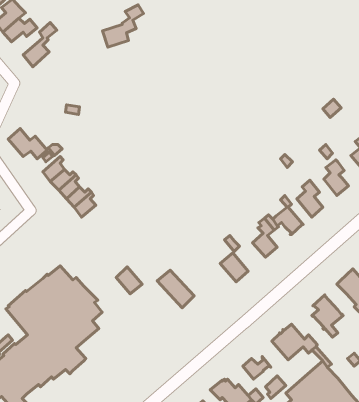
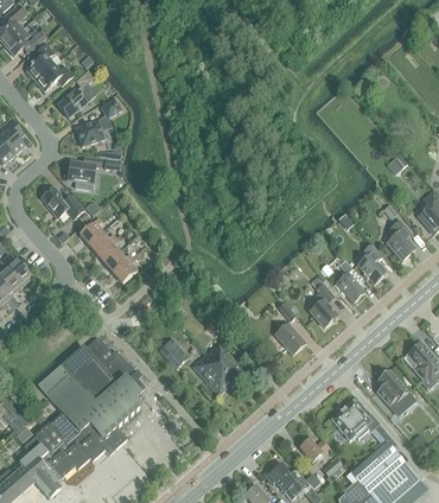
building: [103,5,144,47] -> [75,100,120,146]
building: none -> [69,157,100,190]
building: none -> [191,354,231,395]

